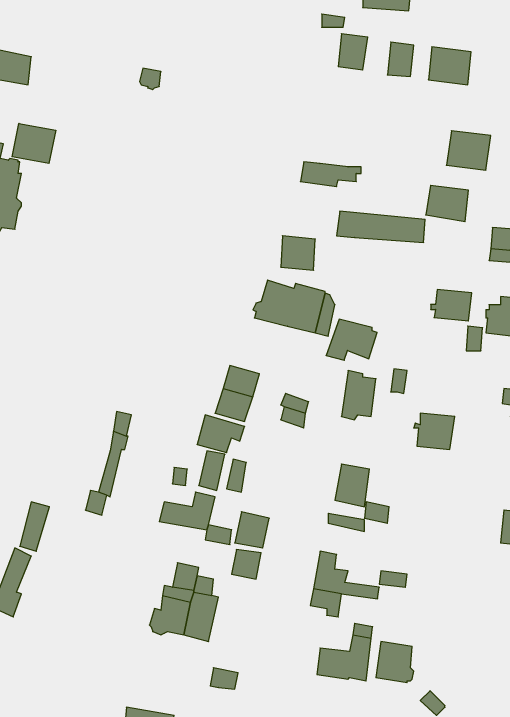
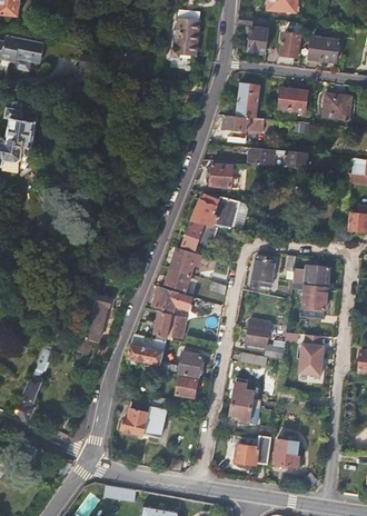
building: none -> [171,17,199,57]
building: none -> [236,82,258,118]
building: [12,123,56,163] -> none
building: [426,185,468,222] -> [278,88,307,112]
building: [431,290,472,321] -> [301,266,329,287]
building: [326,319,377,360] -> [182,220,217,248]
building: none -> [298,334,324,376]

